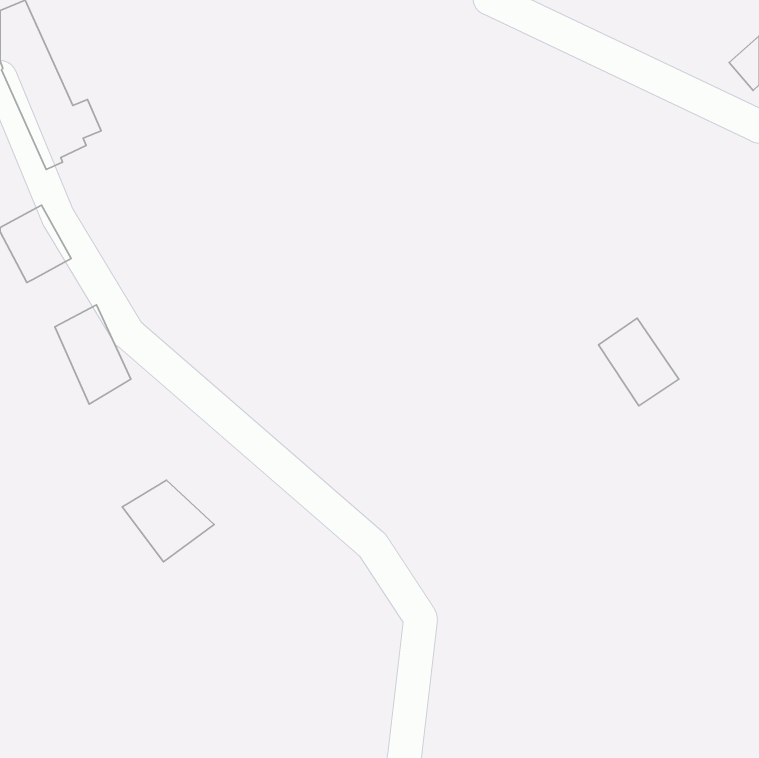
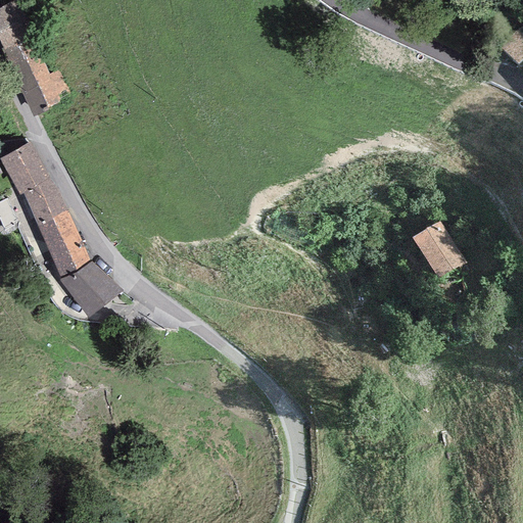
building: none -> [22,178,66,225]
building: [122,480,214,562] -> [59,260,123,317]

